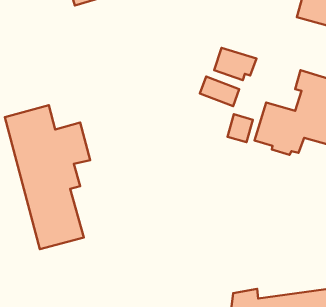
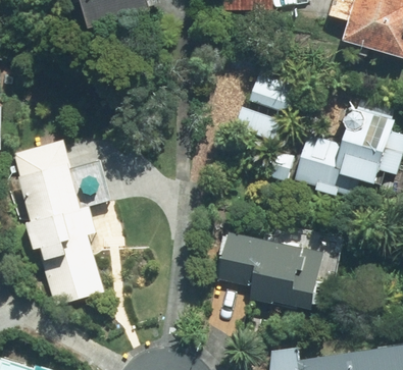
building: none -> [219,231,324,310]

